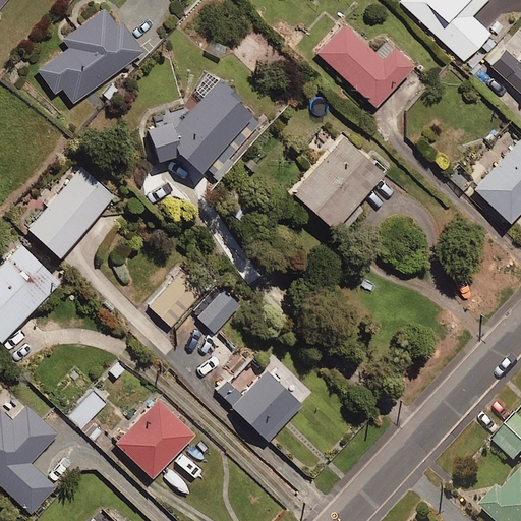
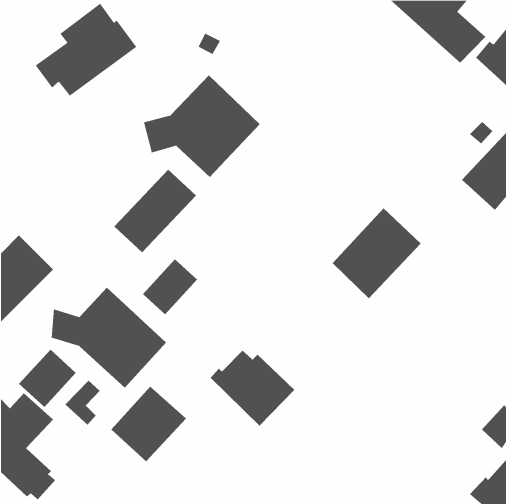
building: [317,23,419,105] -> none
building: [293,135,385,229] -> [332,208,421,299]
building: [27,168,113,254] -> [113,169,197,253]
building: [197,291,240,334] -> none
building: none -> [51,287,167,389]
building: none -> [18,349,77,408]

